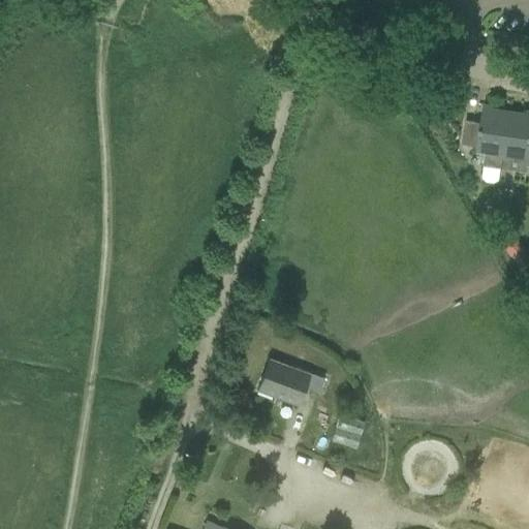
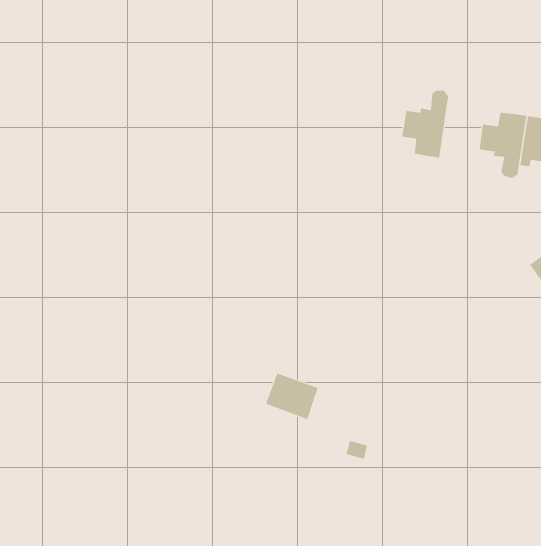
building: none -> [402,90,449,159]

